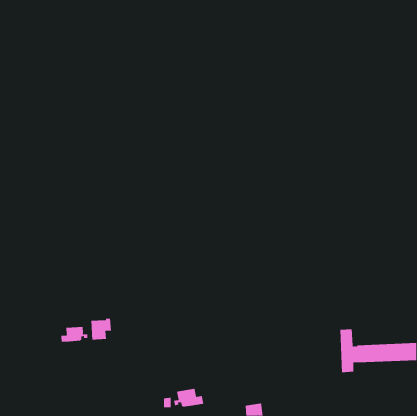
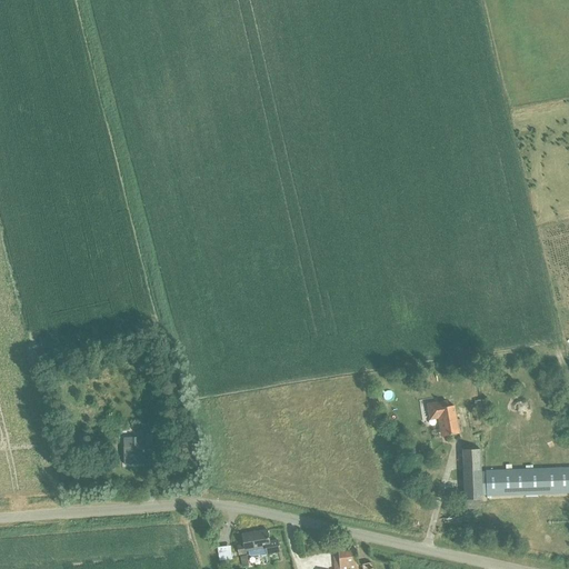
building: none -> [429,401,459,436]
building: [61,326,88,343] -> none

